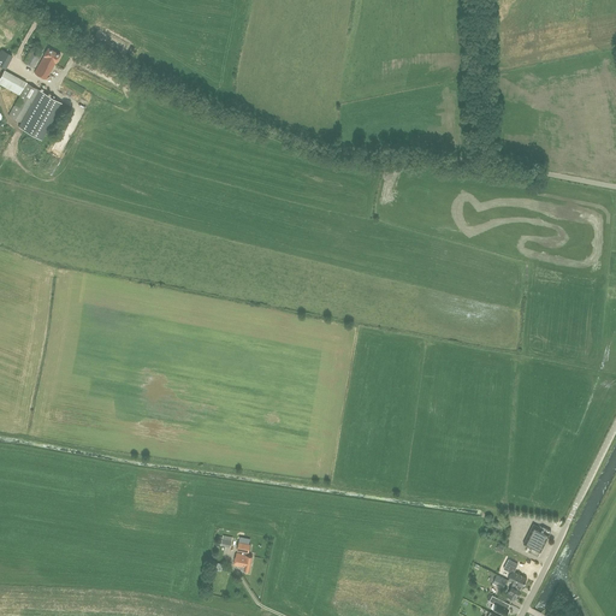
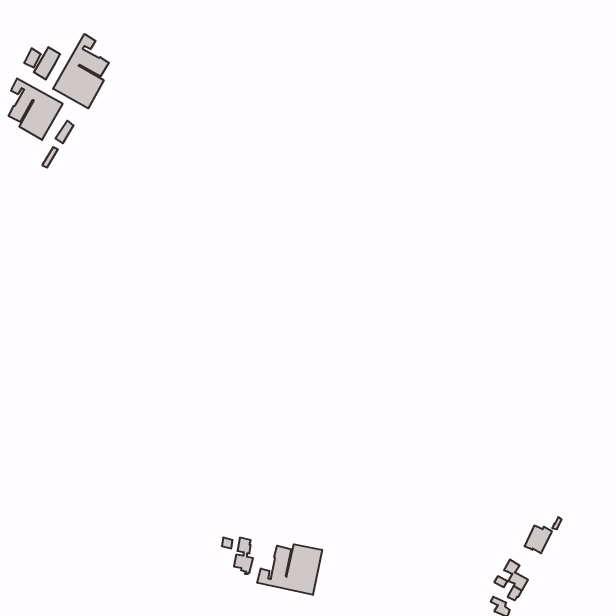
building: none -> [53,34,109,108]
building: none -> [257,544,322,595]

